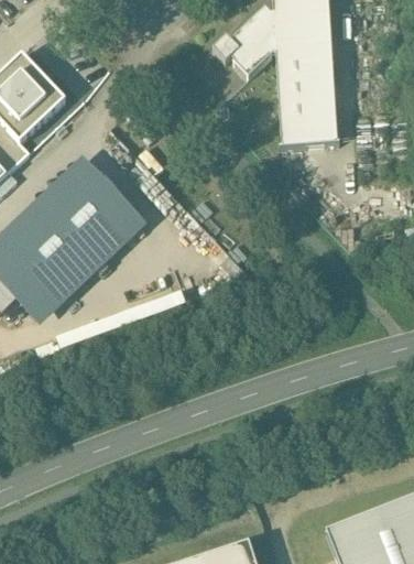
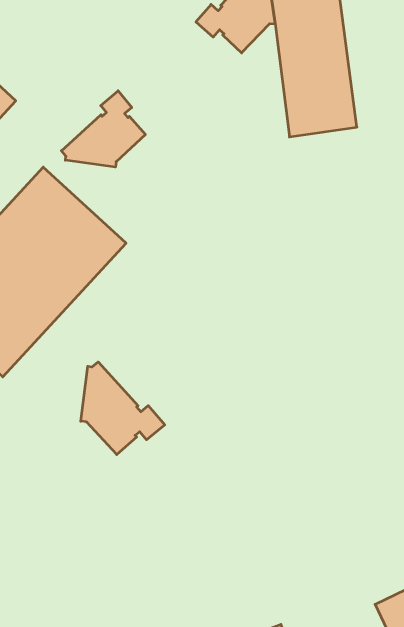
building: none -> [61,91,145,167]
building: none -> [81,362,165,455]

